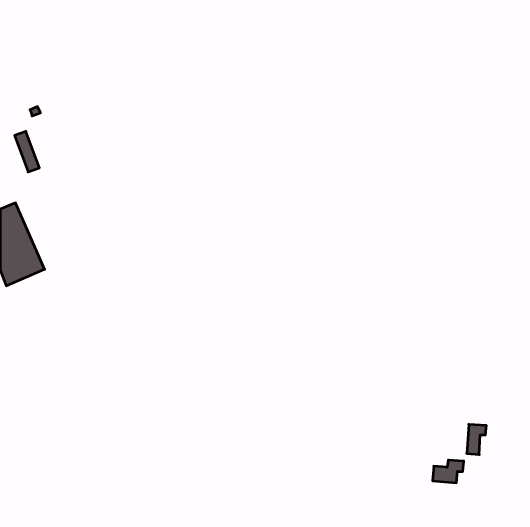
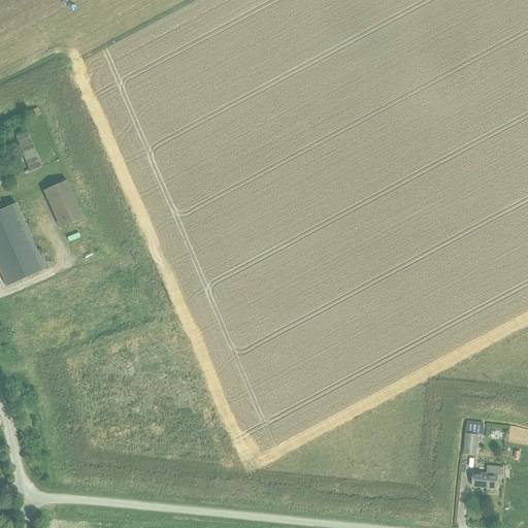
building: none -> [41,179,82,228]
building: [433,460,464,483] -> [472,464,503,487]

